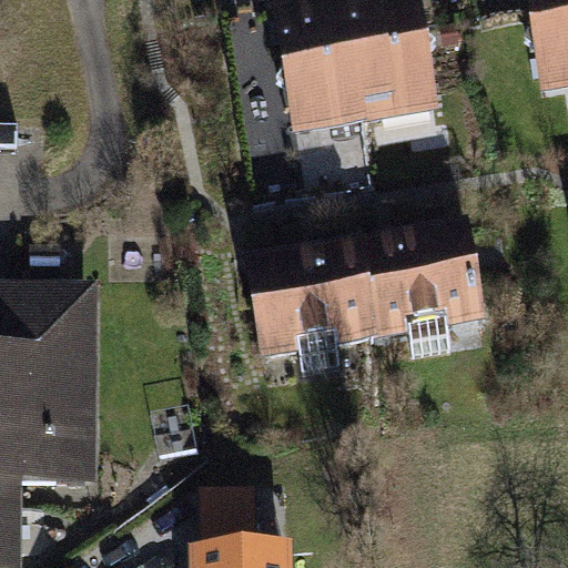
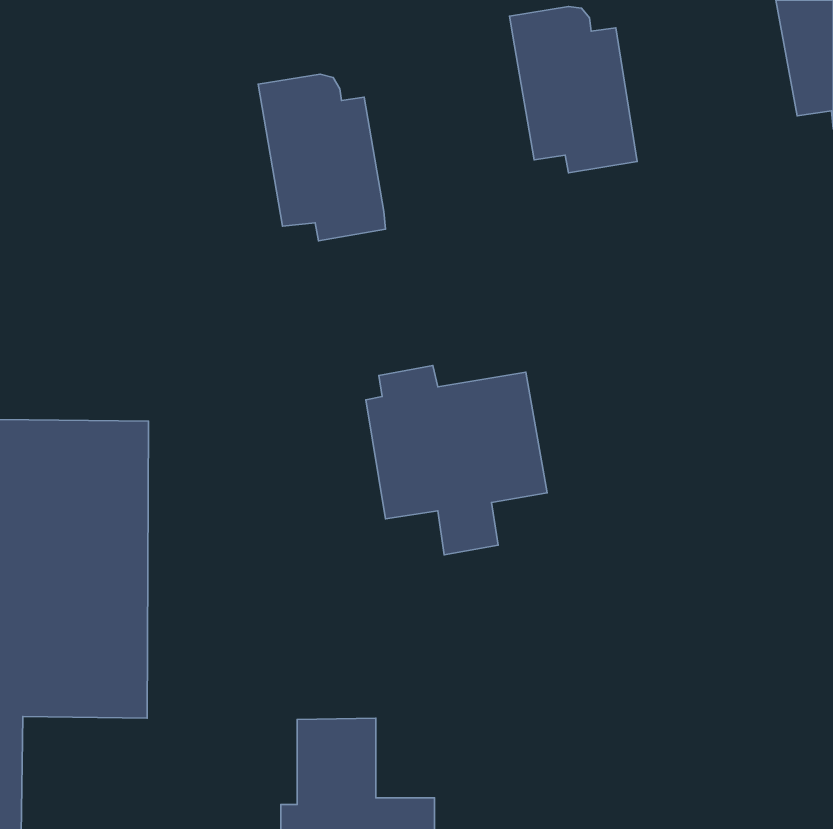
building: [277,19,364,132] -> [258,74,386,241]
building: [357,226,480,362] -> none

